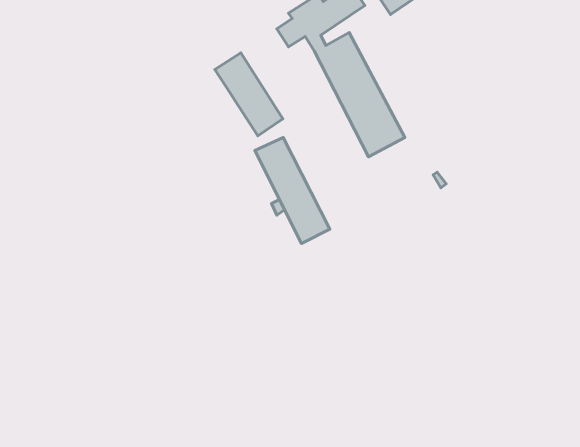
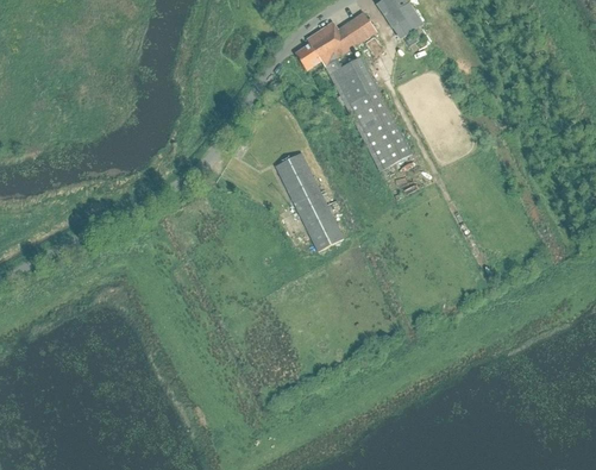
building: [215,53,283,136] -> none

